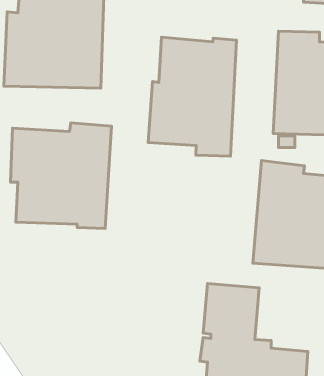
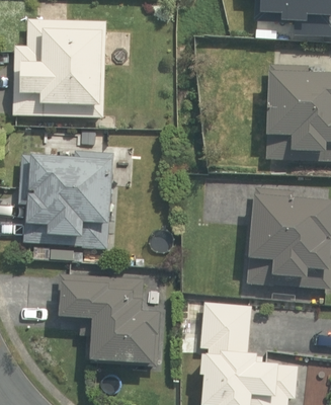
building: [148,37,236,156] -> none
building: none -> [56,272,161,363]

